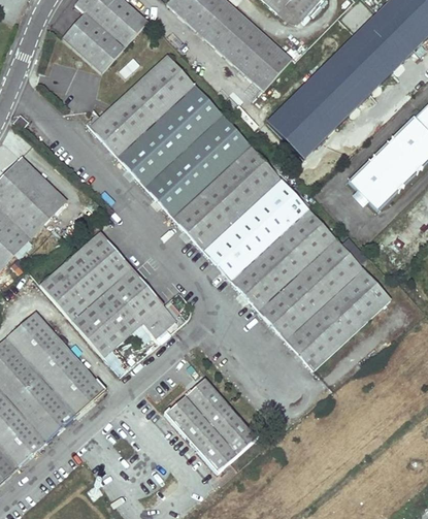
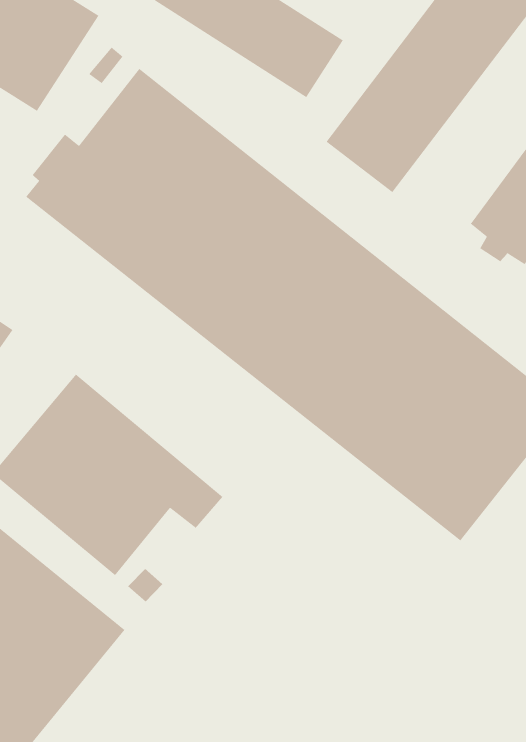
building: [165,378,256,471] -> none

